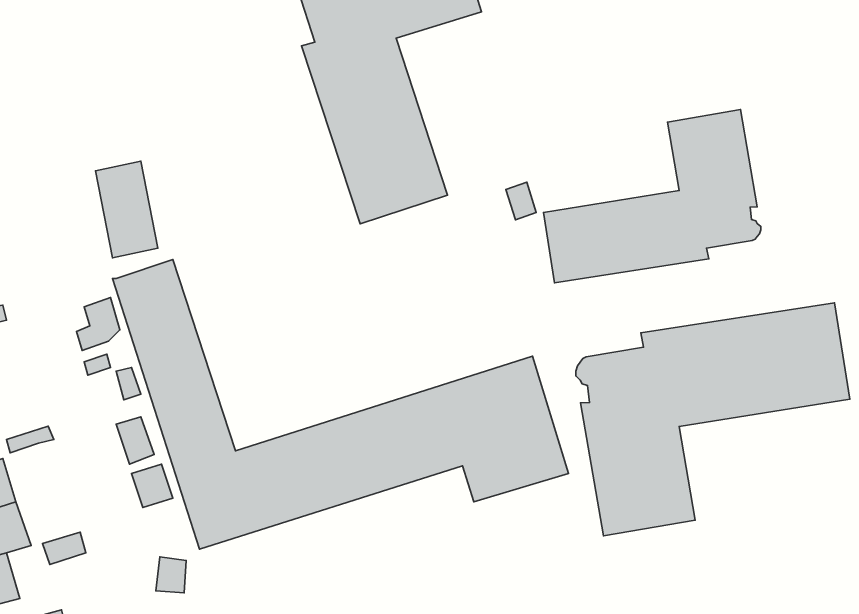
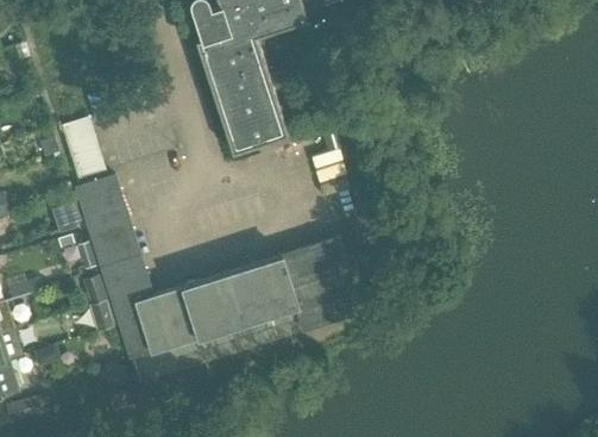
building: [543,109,761,283] -> none
building: [576,303,850,536] -> none

